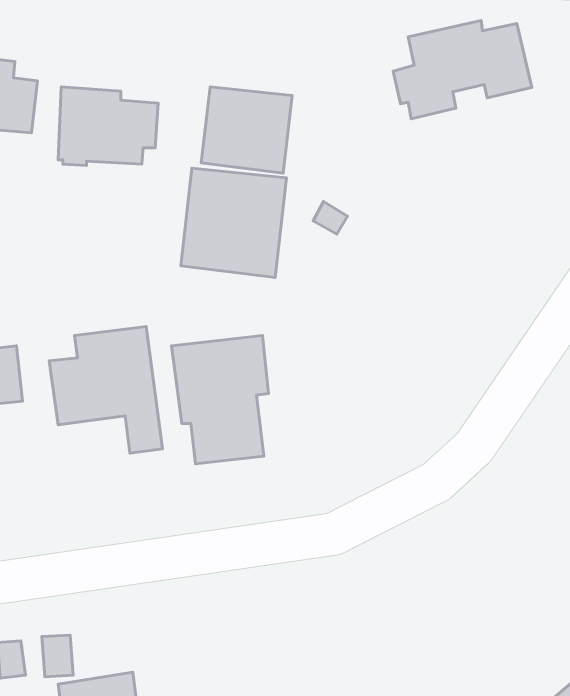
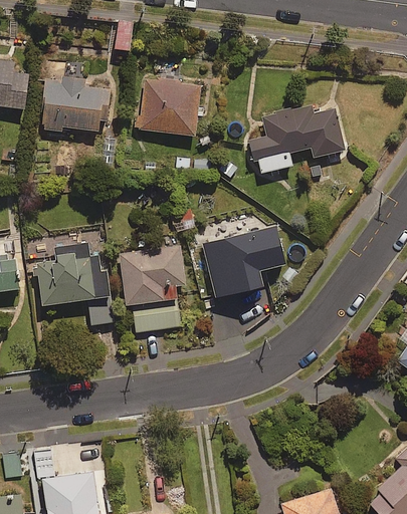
building: [393,20,532,119] -> [250,106,344,173]
building: [181,168,287,277] -> none
building: none -> [203,227,285,299]

